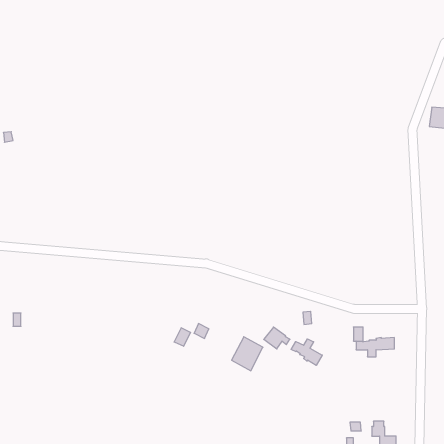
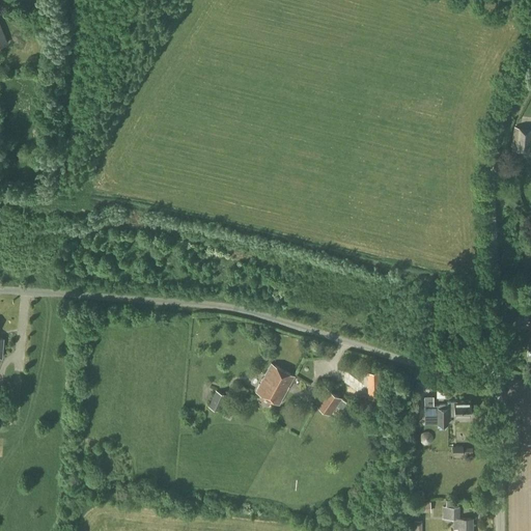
building: [232,337,263,371] -> [257,366,295,407]
building: [291,339,322,365] -> none

